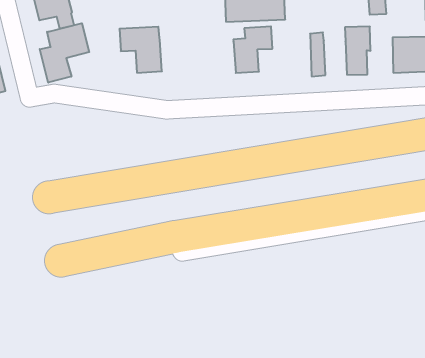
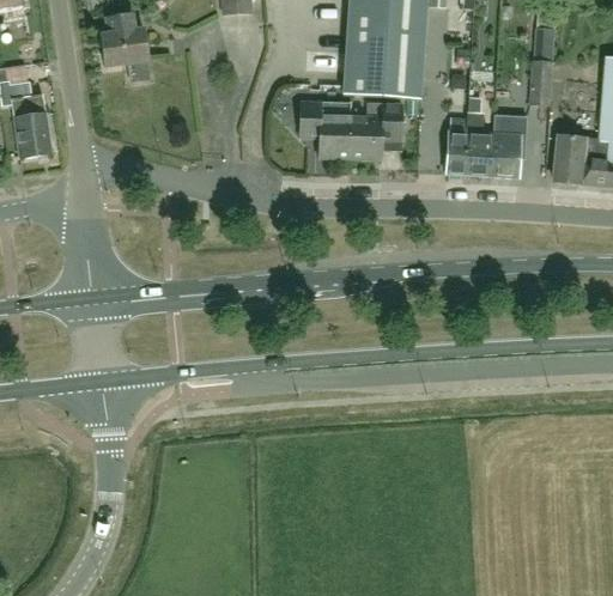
building: [40,23,89,83] -> none
building: none -> [465,109,494,176]
building: [119,27,162,73] -> [299,99,351,159]

